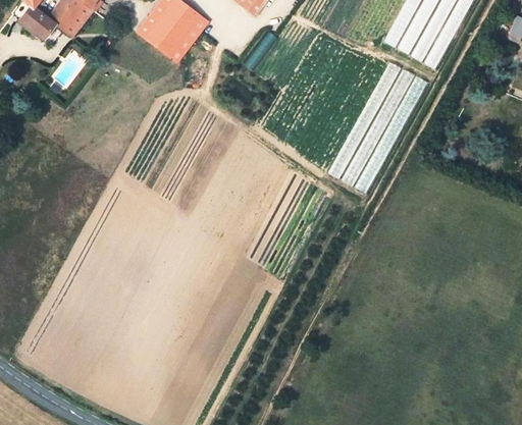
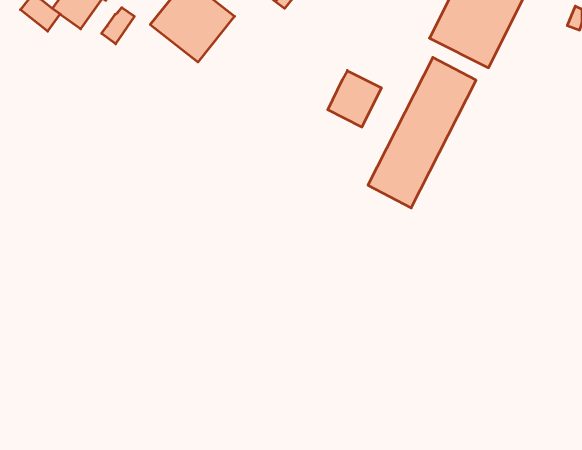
building: none -> [102,8,134,44]
building: none -> [328,70,381,127]

